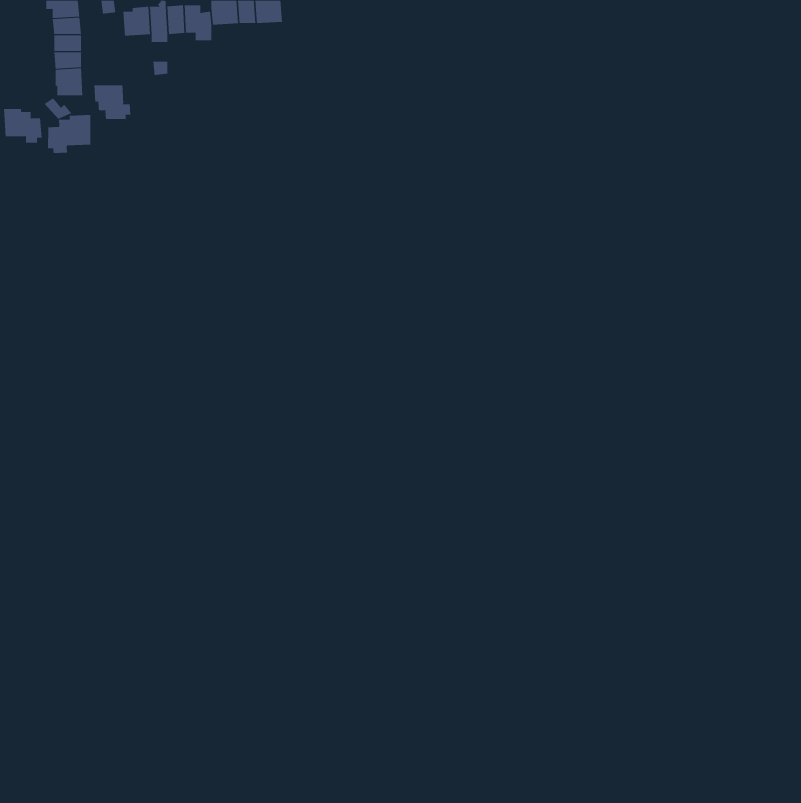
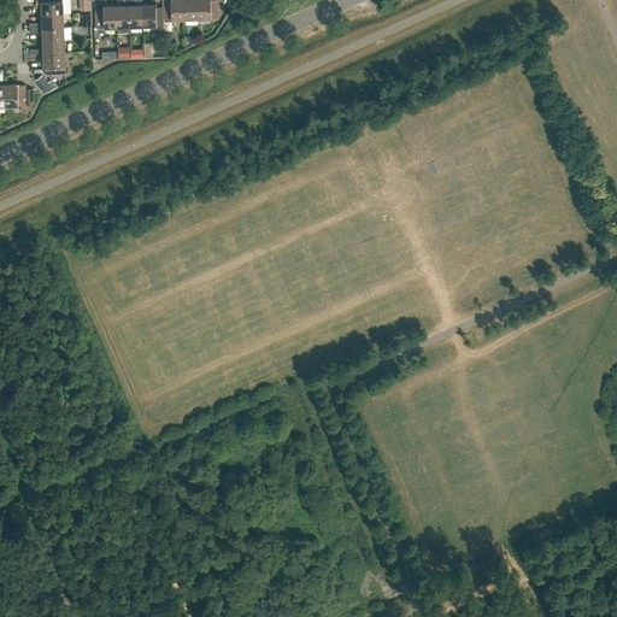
building: [94,85,131,120] -> none
building: [47,114,91,154] -> none

